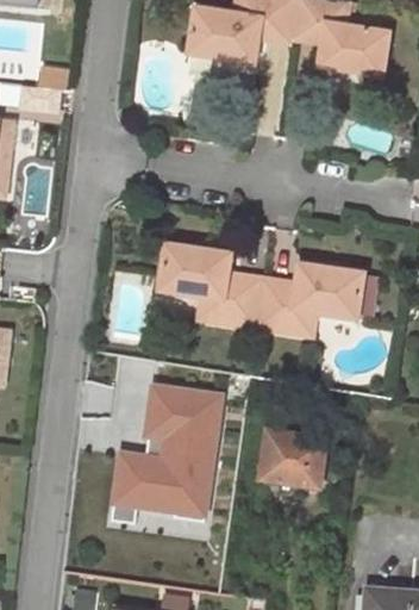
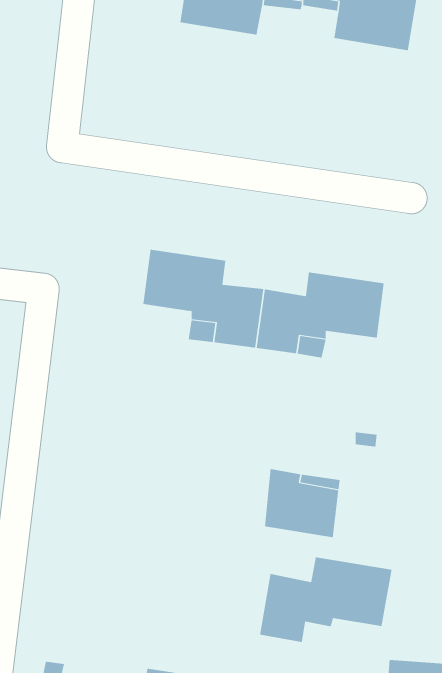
building: [110,384,225,522] -> none
building: none -> [260,557,392,643]

